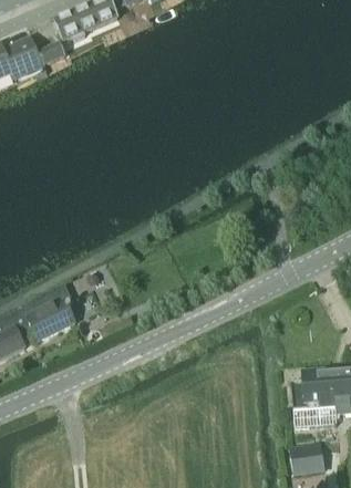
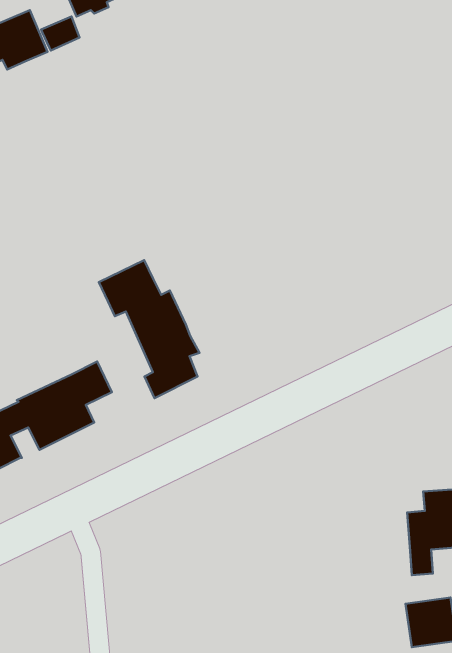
building: none -> [99,260,199,398]

